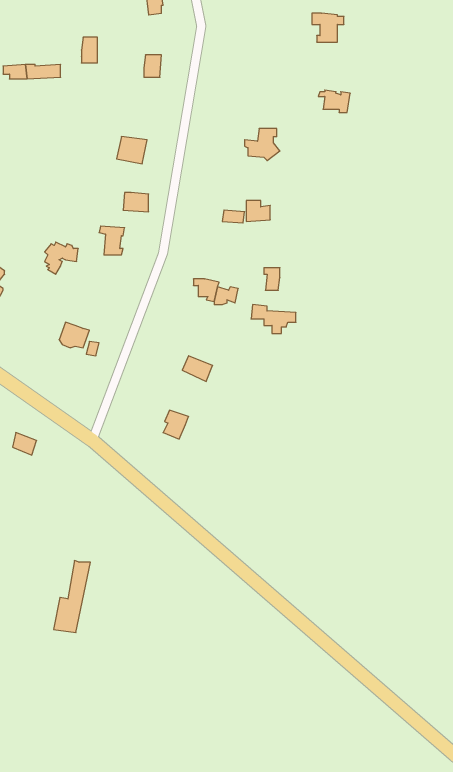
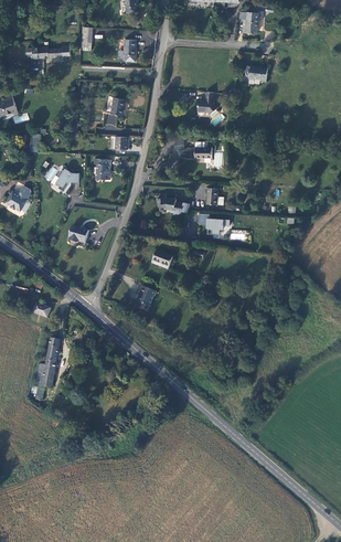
building: [54,561,90,633] -> [35,337,61,386]

